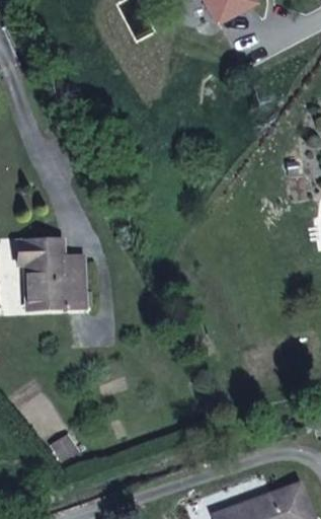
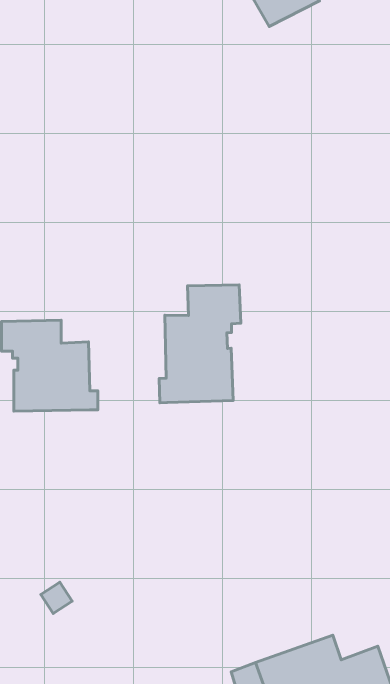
building: none -> [159,285,241,403]

